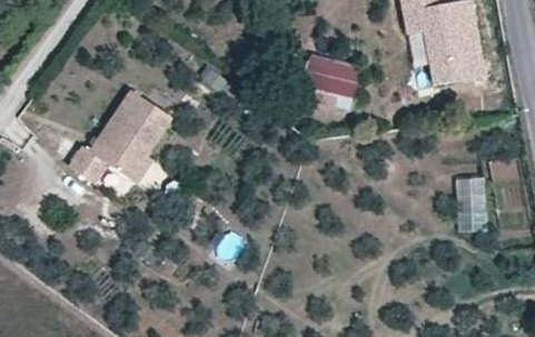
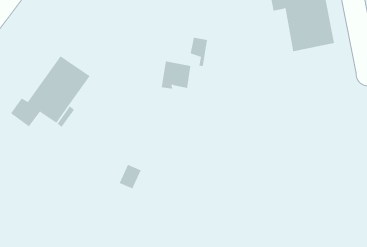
building: [317,69,356,106] -> [161,61,191,89]
building: [448,174,480,229] -> none

